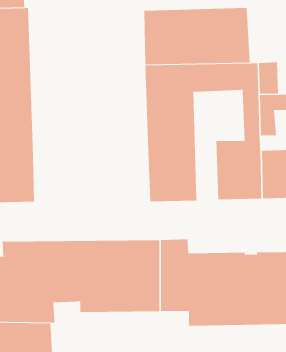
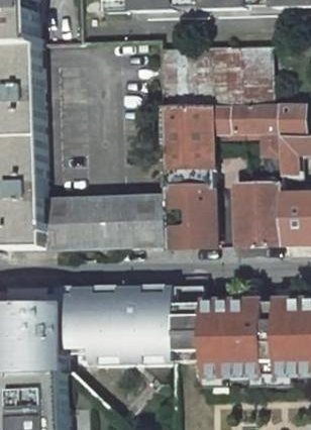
building: none -> [42,195,163,247]

